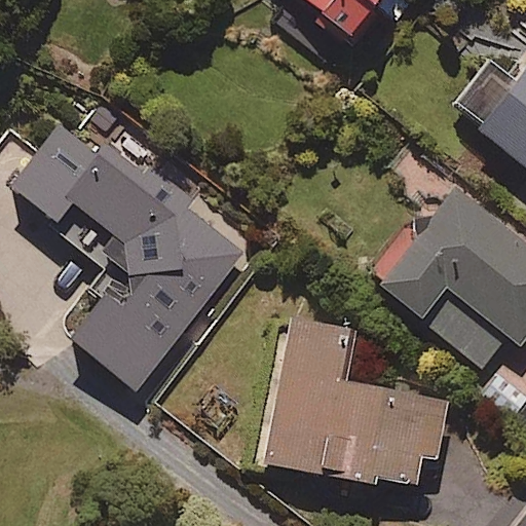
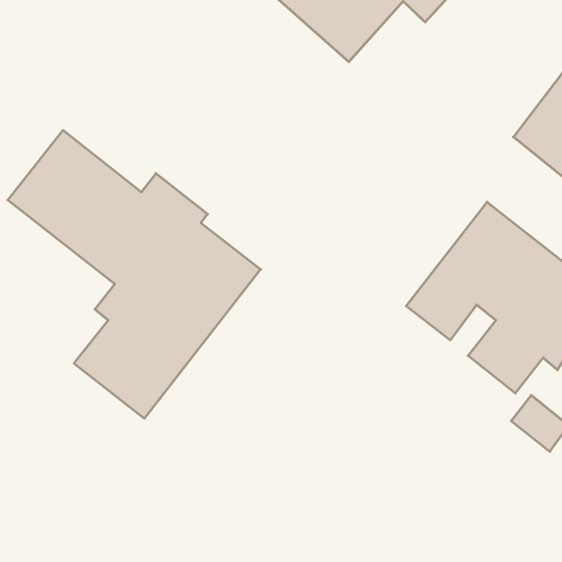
building: [263,321,447,489] -> none

